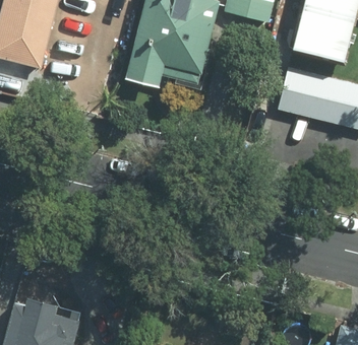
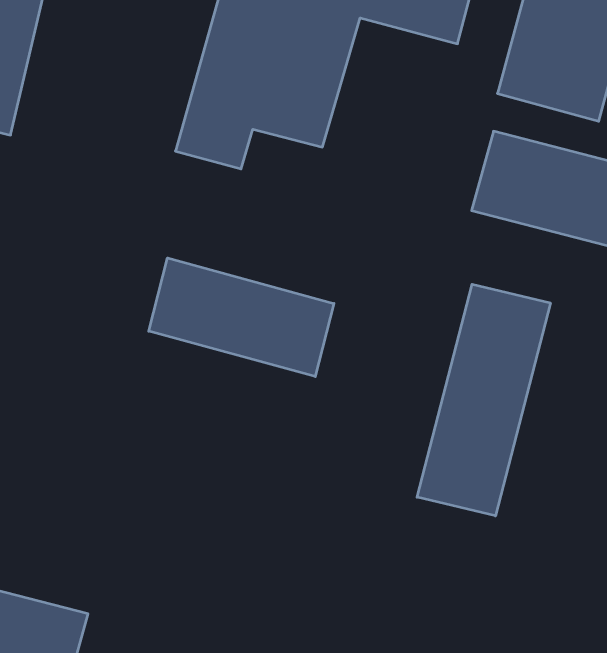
building: none -> [149,258,334,377]
building: none -> [417,284,550,516]

